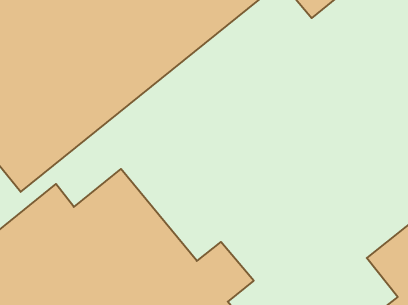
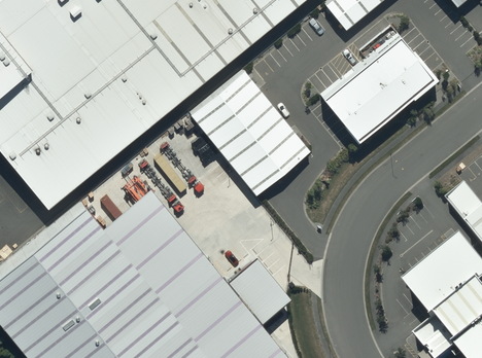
building: none -> [322,36,438,144]
building: none -> [190,71,310,195]

